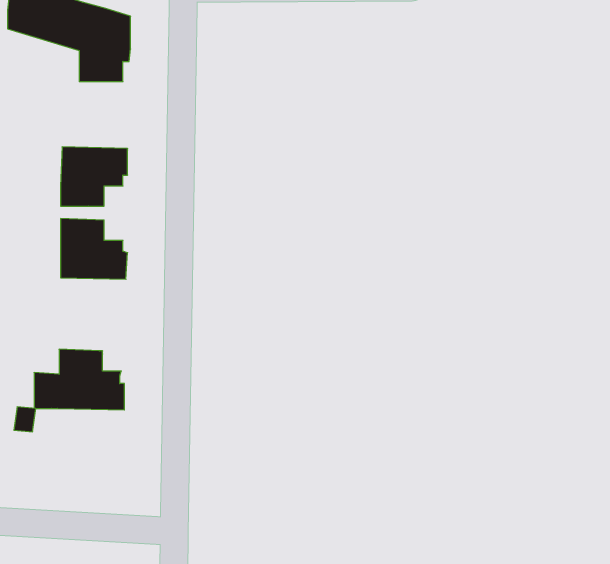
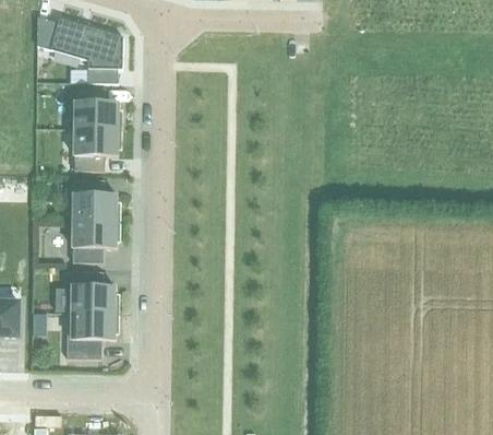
building: none -> [74,87,121,130]
building: none -> [72,221,119,263]
building: none -> [67,313,118,360]

